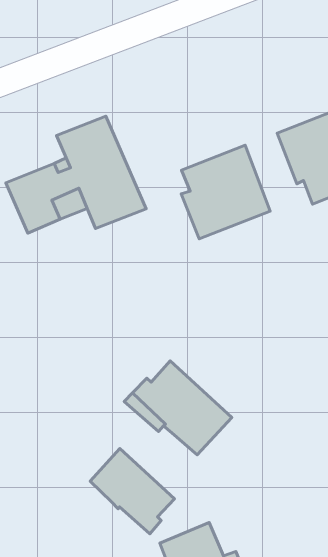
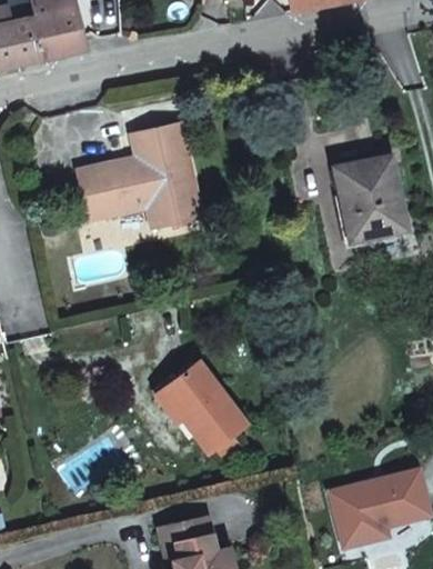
building: [181,145,270,239] -> none
building: [90,449,174,534] -> none

